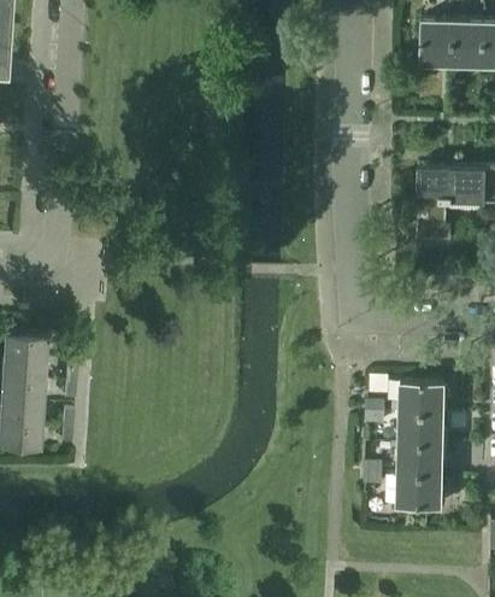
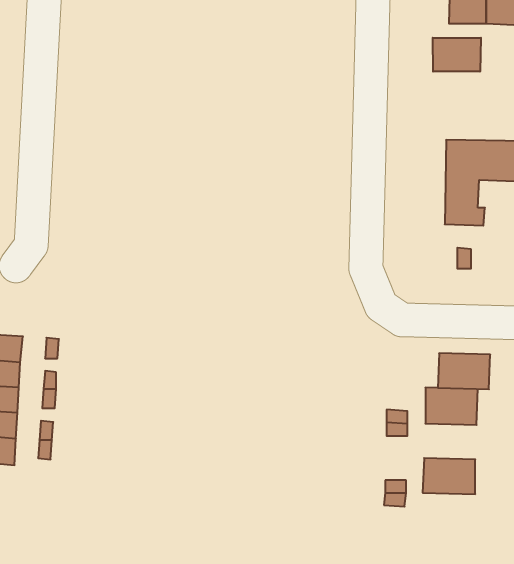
building: none -> [433,38,481,72]
building: [397,415,443,446] -> [438,353,490,389]
building: [396,475,442,509] -> none

